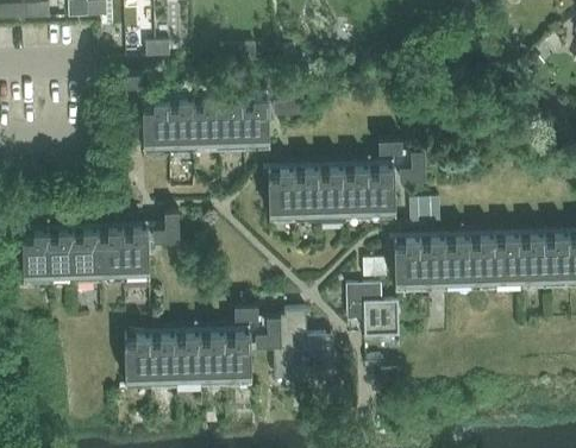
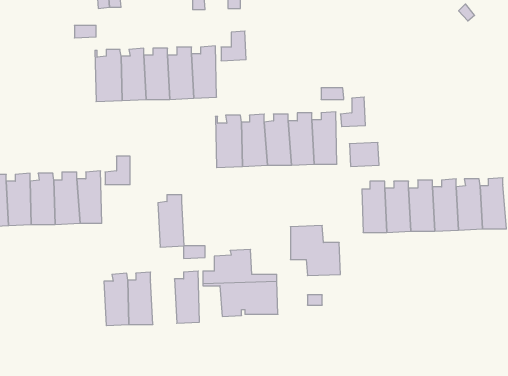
building: [394,235,422,289] -> none
building: [200,329,227,384] -> [158,195,184,247]
building: [124,332,154,386] -> none

